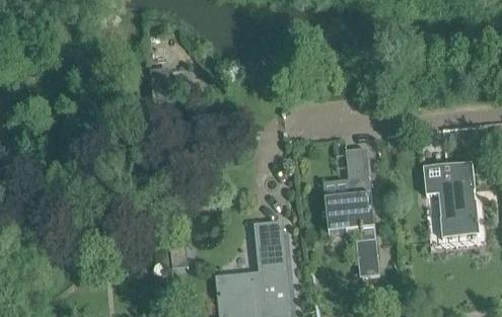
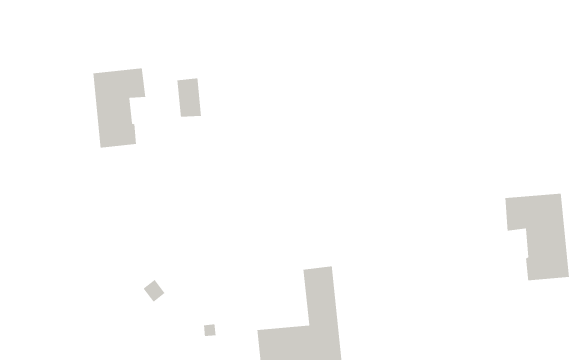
building: none -> [93,67,146,148]
building: [324,147,378,276] -> none

